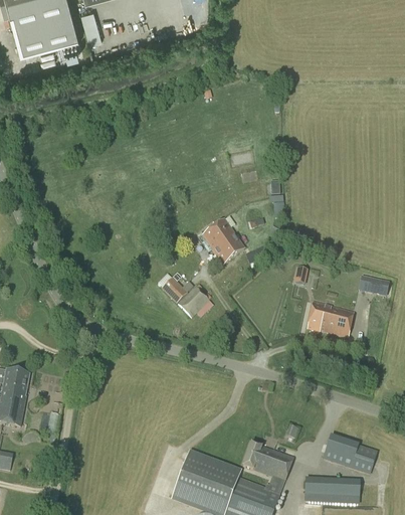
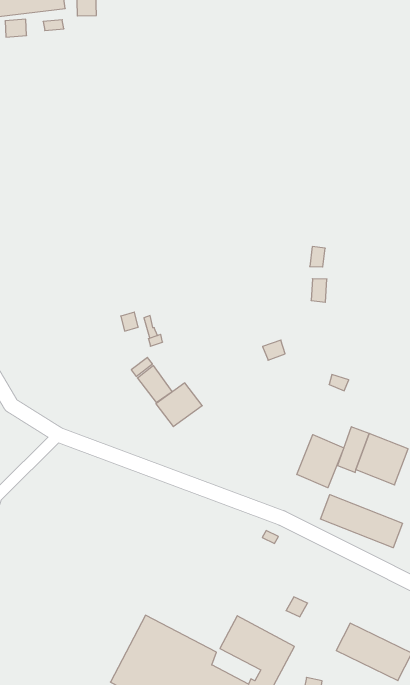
building: [198,214,245,265] -> none
building: none -> [297,435,344,488]
building: none -> [321,495,402,548]

